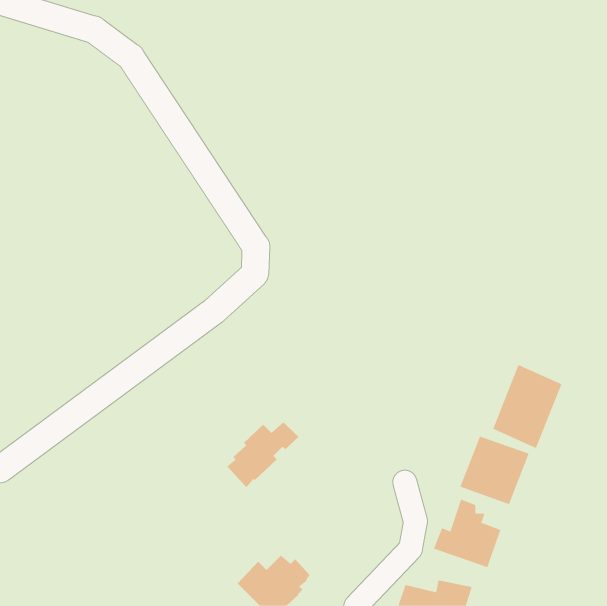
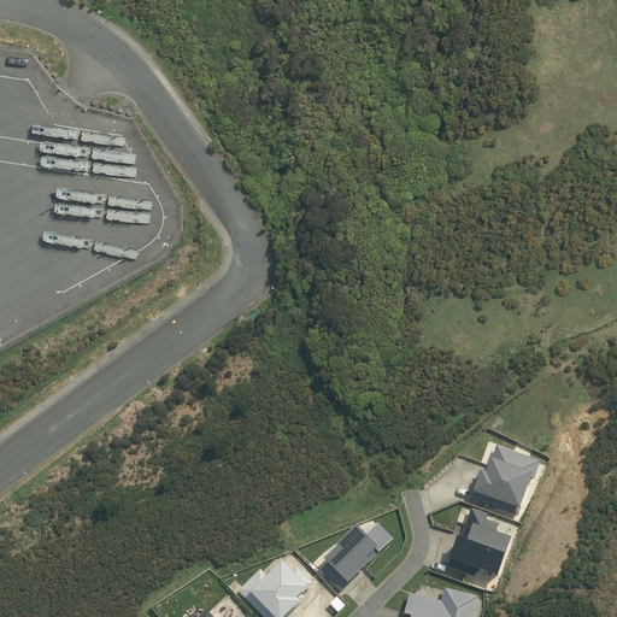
building: [493,364,562,449] -> none
building: [226,421,299,488] -> [323,523,396,590]

